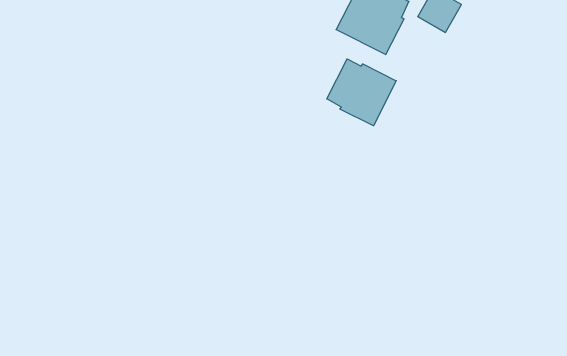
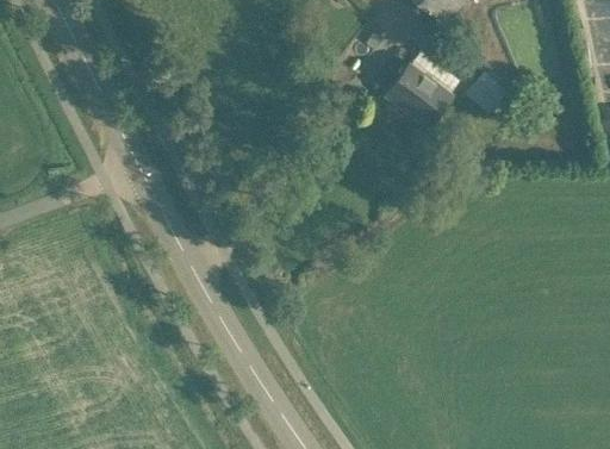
building: [327,59,396,126] -> none

